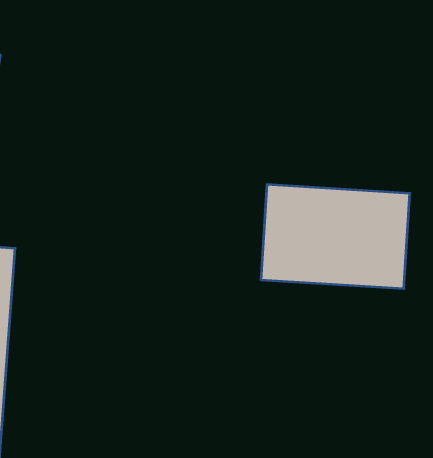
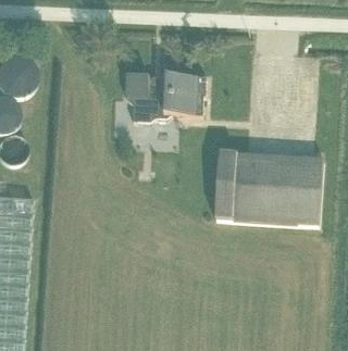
building: none -> [125,70,201,115]

